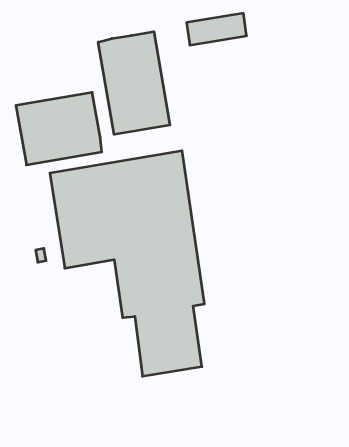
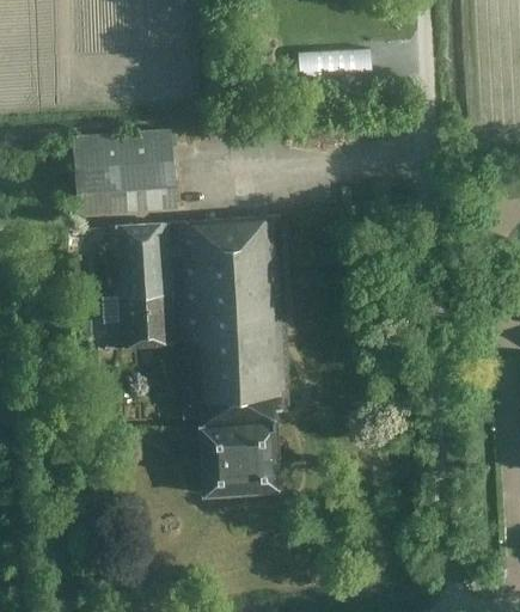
building: [98,32,170,134] -> none

